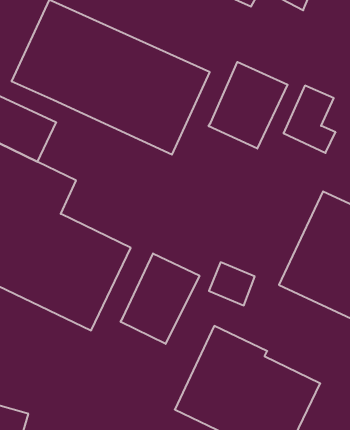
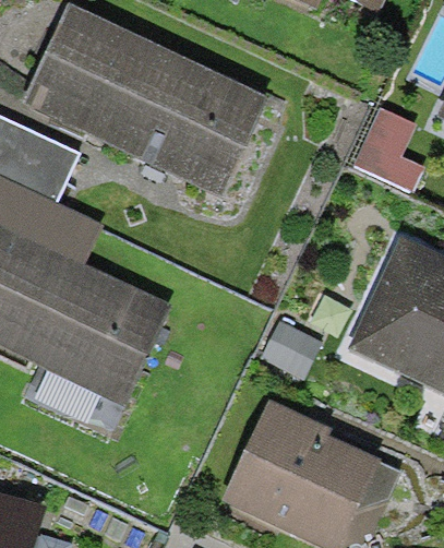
building: [209,62,288,149] -> none
building: [121,253,199,344] -> none

